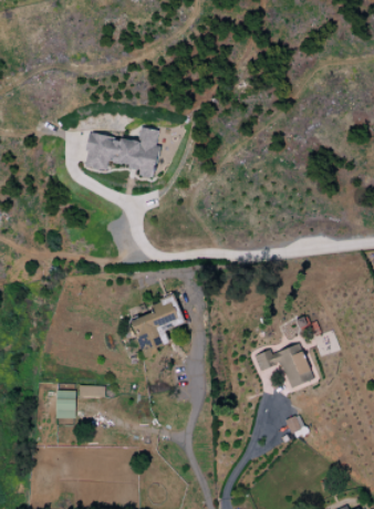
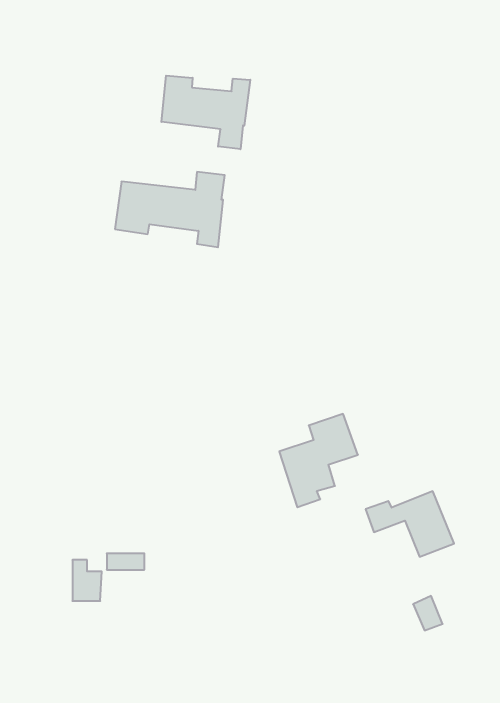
building: none -> [161,76,250,149]
building: [132,294,185,357] -> [279,414,358,507]

